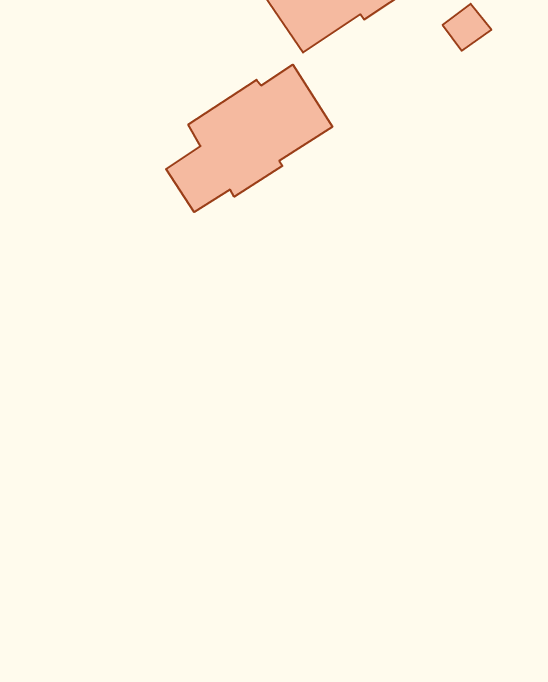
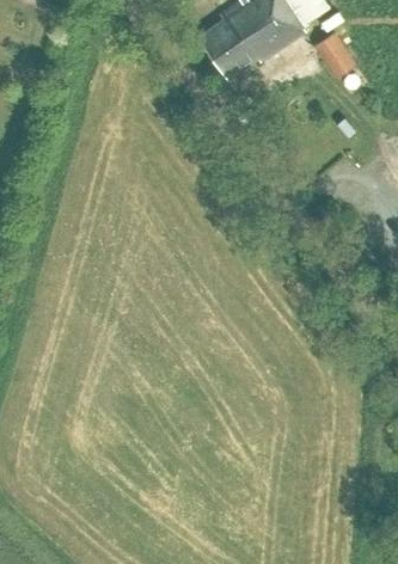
building: [166,65,332,212] -> none

